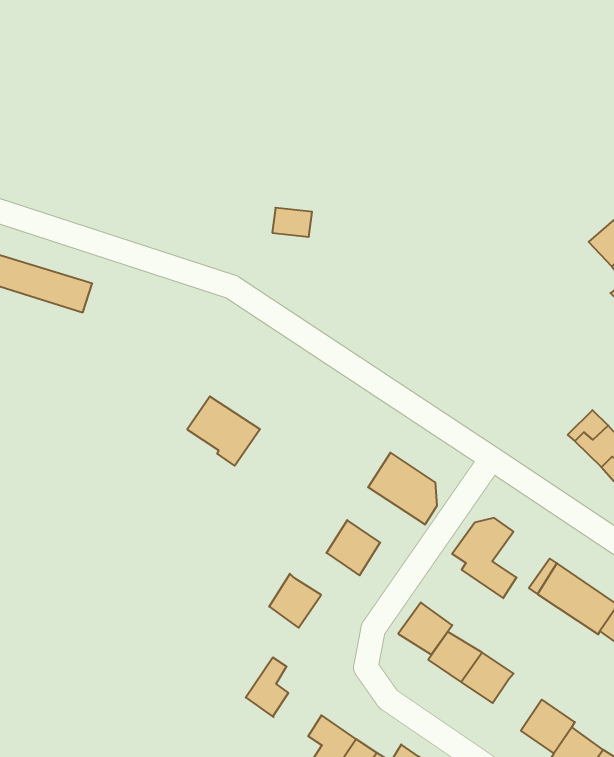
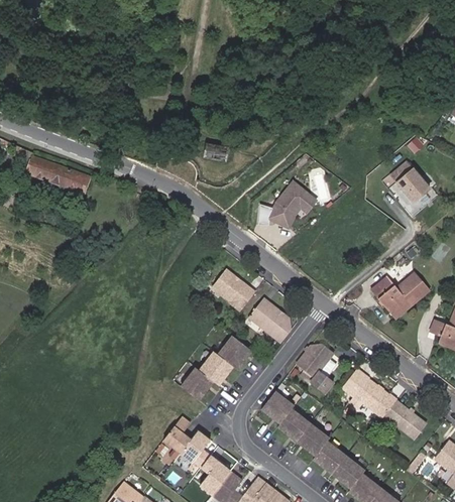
building: none -> [258,180,317,224]
building: [187,396,260,466] -> [211,268,255,311]
building: none -> [199,351,233,384]
building: none -> [180,428,210,466]
building: none -> [311,440,344,472]

